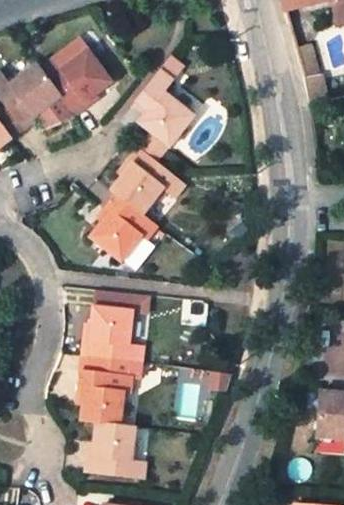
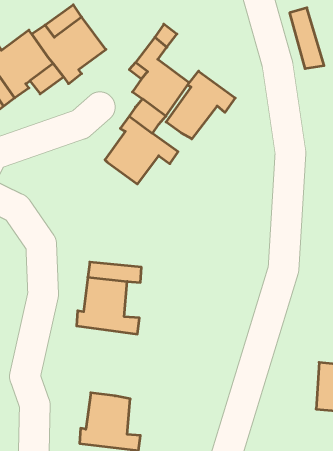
building: none -> [166,71,235,139]
building: [89,193,157,261] -> none
building: [79,355,132,424] -> none

